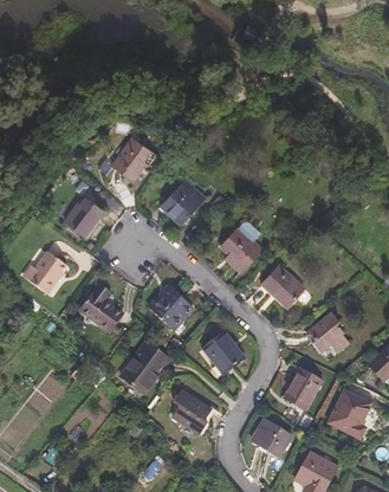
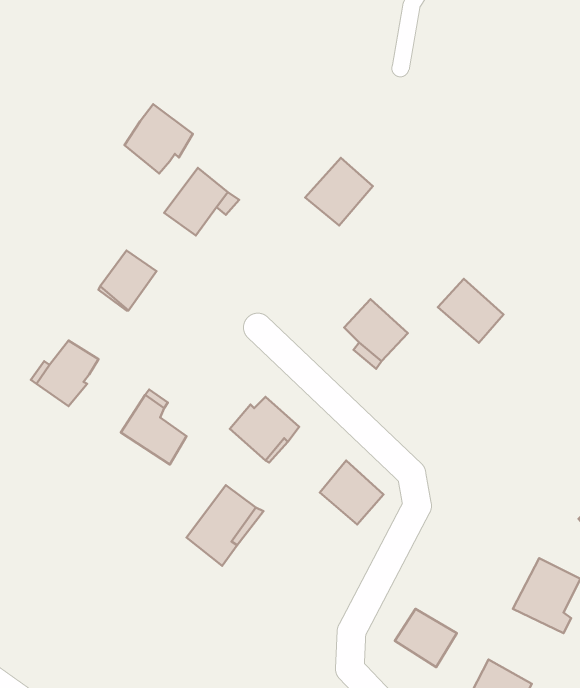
building: none -> [124,104,193,173]
building: [161,180,203,222] -> [305,158,373,226]
building: [260,266,302,306] -> [438,279,503,343]
building: [310,310,350,350] -> none
building: [284,369,320,409] -> none
building: [176,389,213,434] -> none

